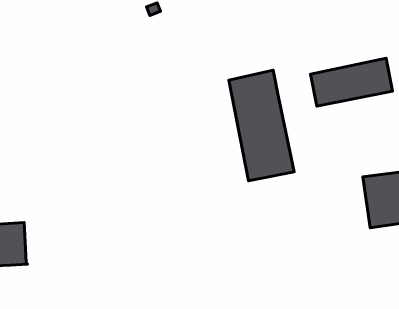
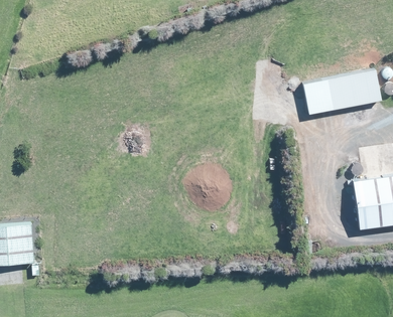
building: [229,70,294,181] -> none

